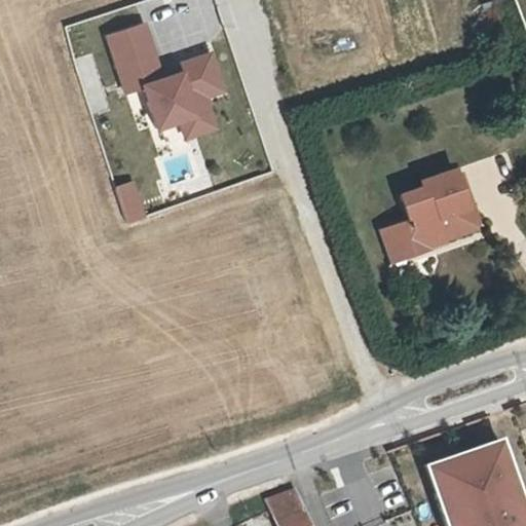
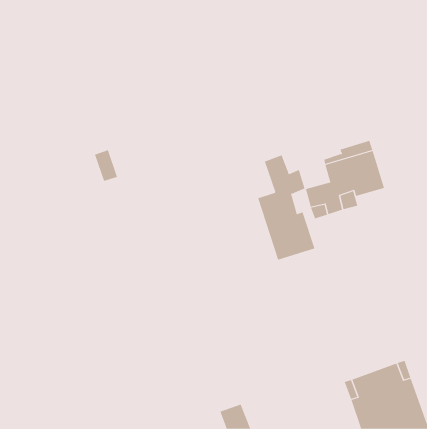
building: [113,27,226,138] -> none
building: none -> [258,155,315,261]

